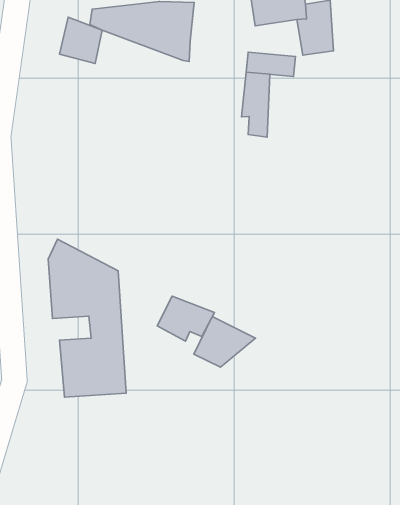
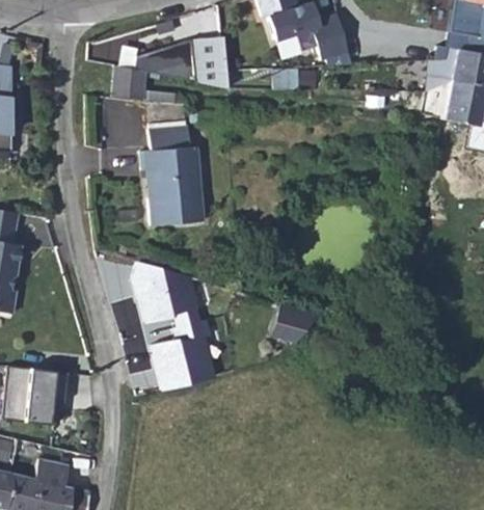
building: [242,72,270,137] -> none
building: none -> [138,122,199,224]
building: [157,296,214,341] -> none

